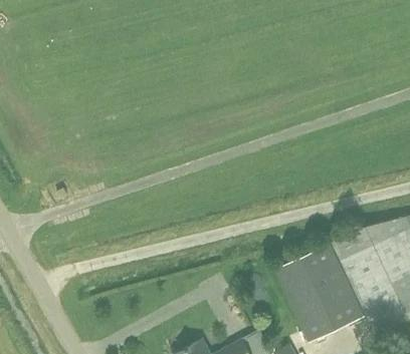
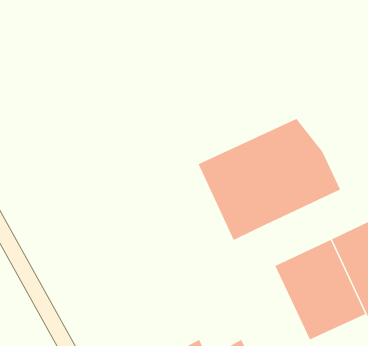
building: none -> [198,118,341,241]

